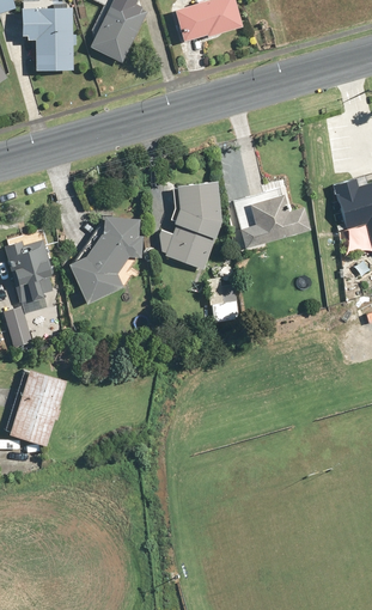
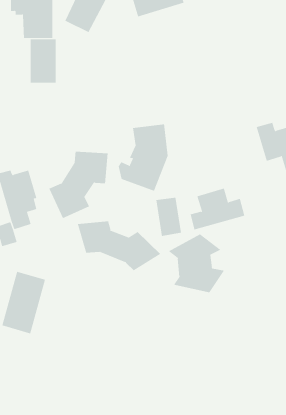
building: none -> [30,39,56,83]
building: [240,193,311,246] -> [190,188,245,230]
building: none -> [77,221,161,271]
building: none -> [168,234,225,293]

